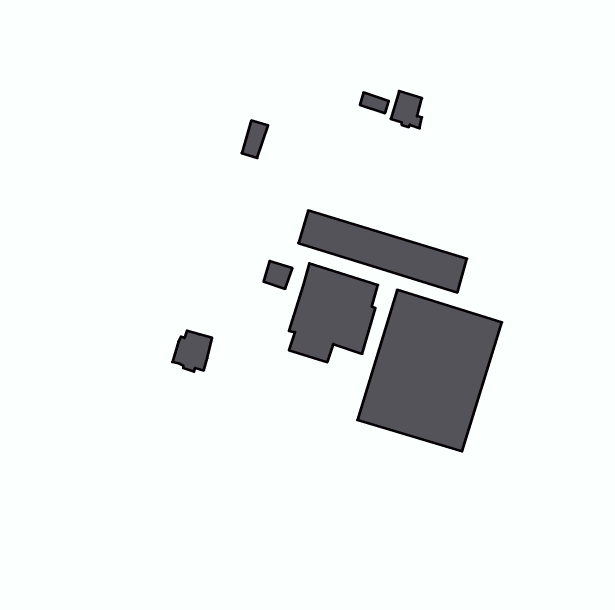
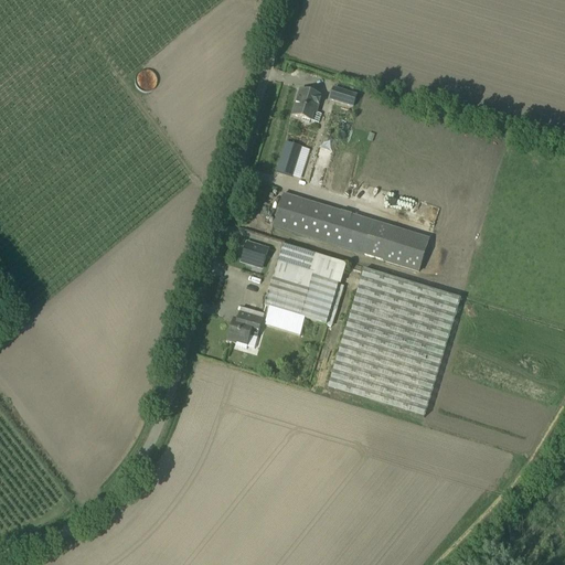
building: [391,91,422,128] -> [292,86,321,120]
building: [242,121,268,158] -> [277,139,301,173]
building: [172,331,212,372] -> [226,309,263,347]

